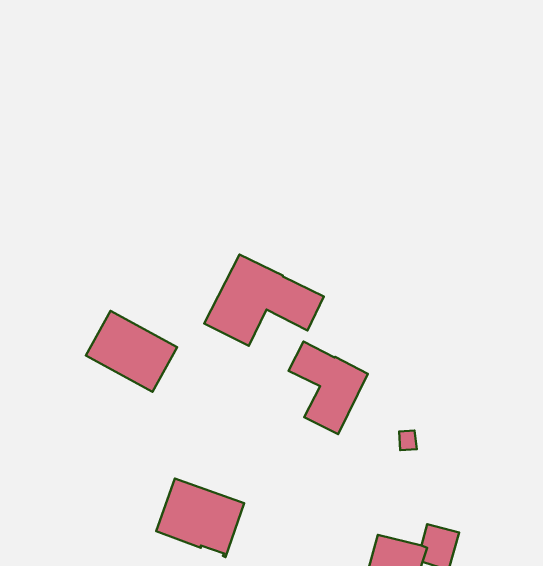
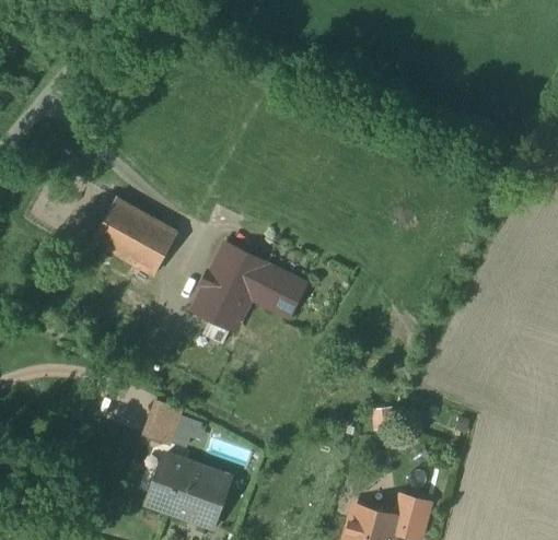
building: [86,311,177,392] -> [92,198,177,273]
building: [289,342,368,434] -> none

